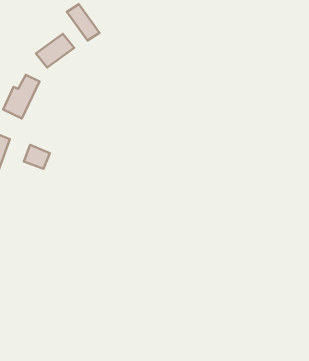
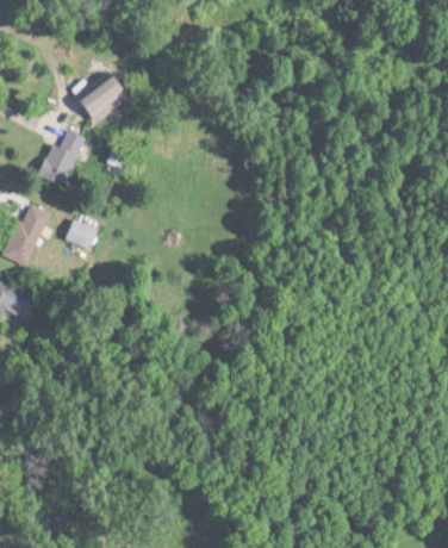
building: [67,4,100,40] -> none

